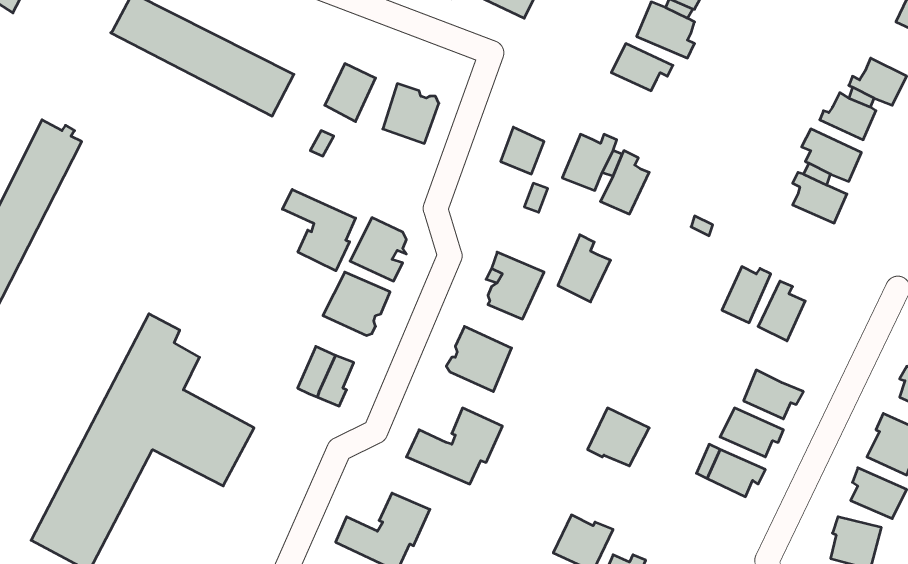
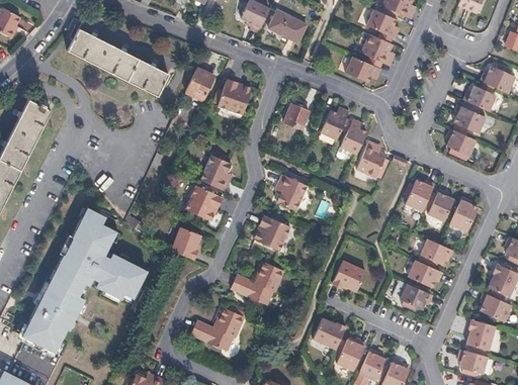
building: [282,189,356,271] -> none
building: [558,235,611,302] -> [357,138,386,176]
building: none -> [449,197,477,232]

